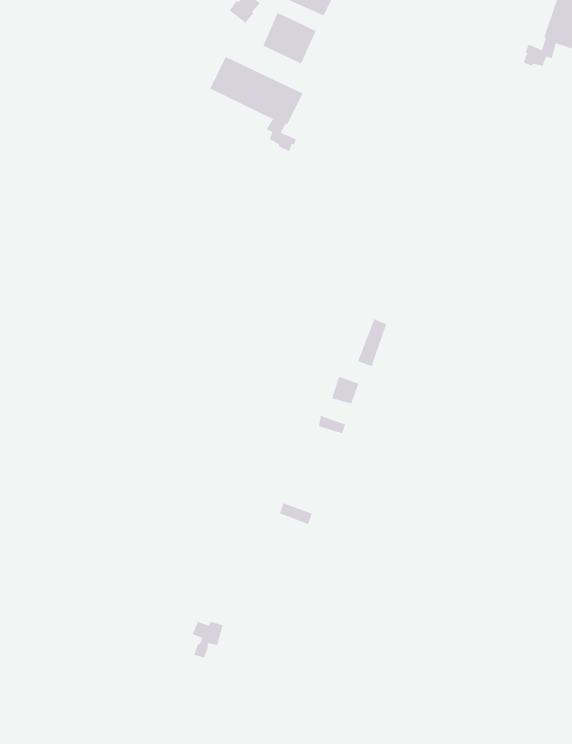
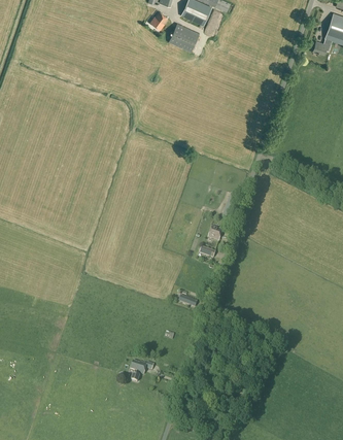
building: [210,56,303,152] -> none

